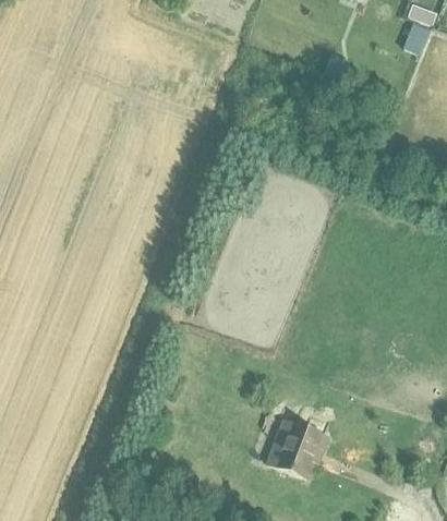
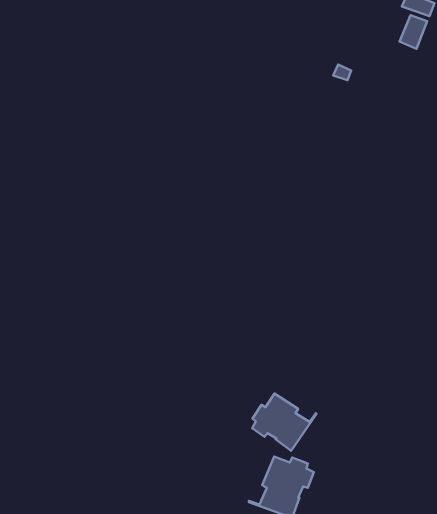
building: none -> [252,394,317,451]

